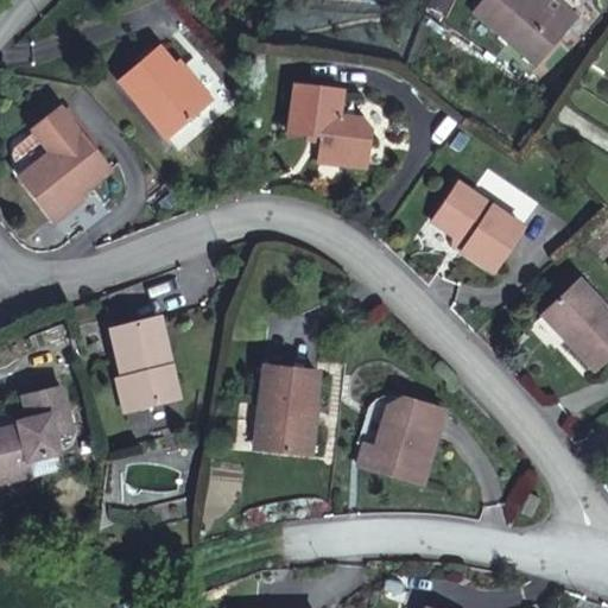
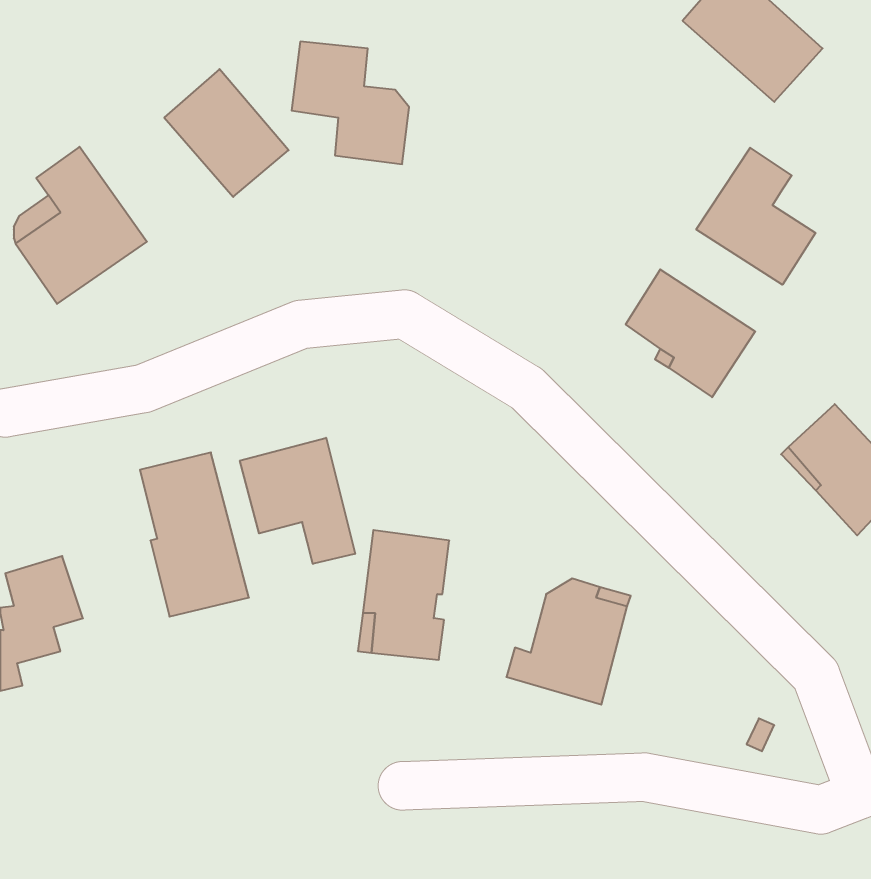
building: [291,84,372,169] -> [292,42,409,164]
building: none -> [696,148,815,285]
building: none -> [240,438,355,564]

